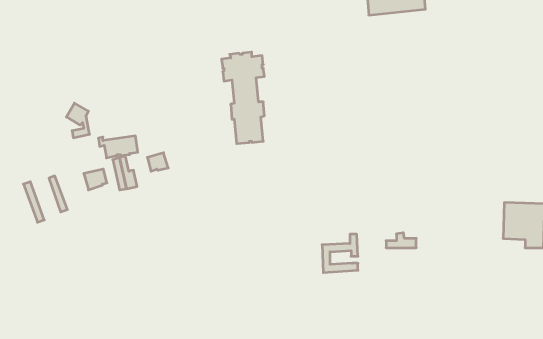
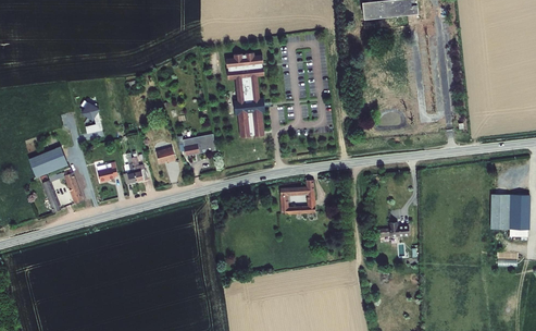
building: [98,136,138,158] -> [178,135,215,156]
building: none -> [29,147,67,176]
building: [322,234,358,273] -> [282,179,315,214]

